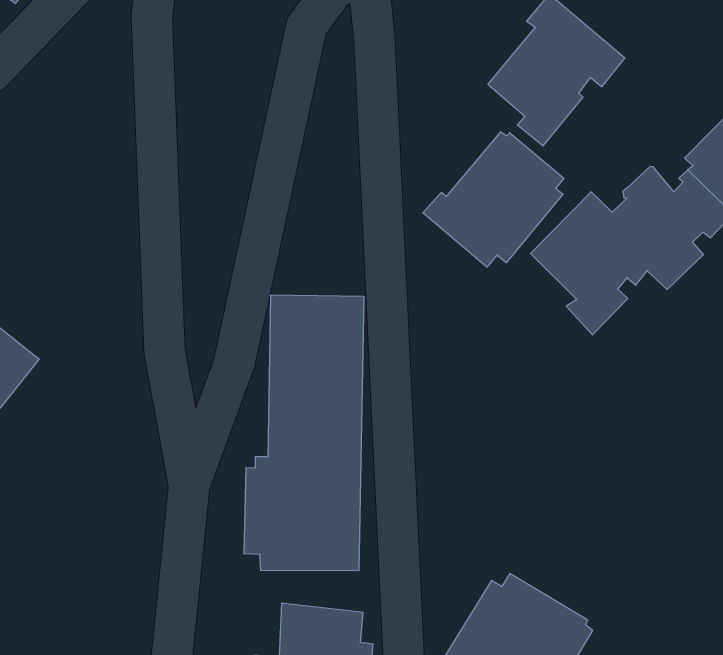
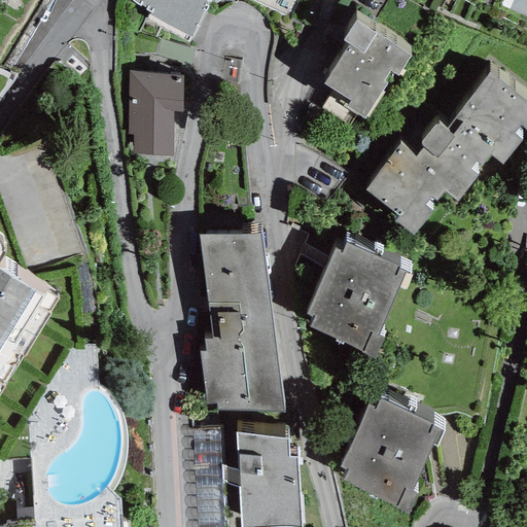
building: none -> [128,72,184,154]
building: [423,132,564,267] -> none
building: none -> [307,240,405,354]

